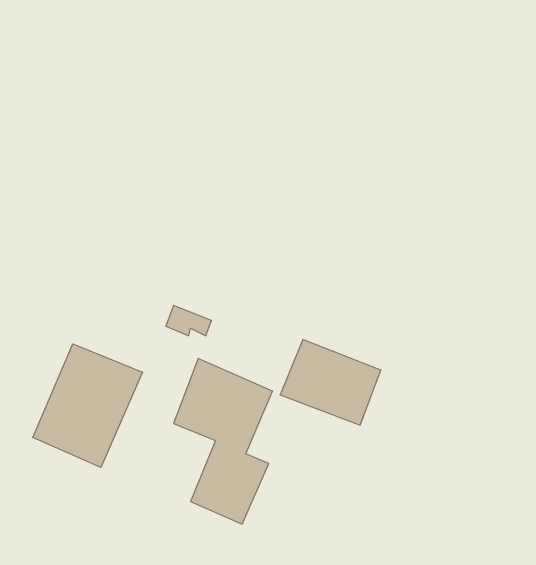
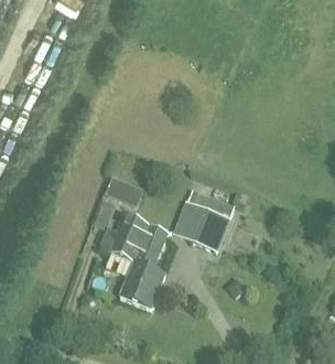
building: [33,344,142,467] -> none

